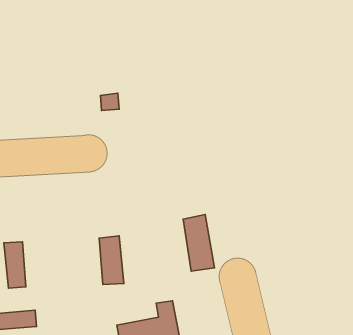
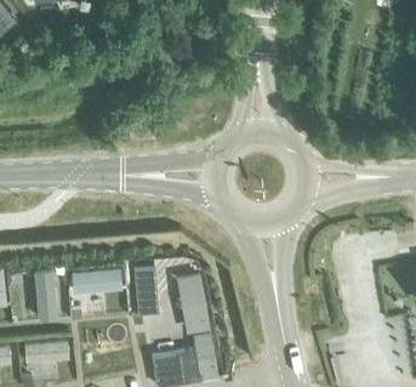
building: [183,214,214,271] -> [177,273,210,332]
building: none -> [68,268,121,294]

